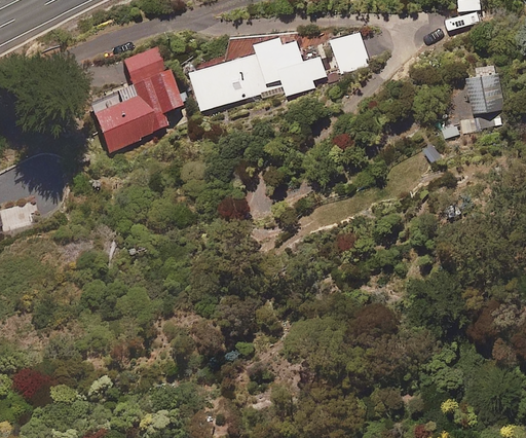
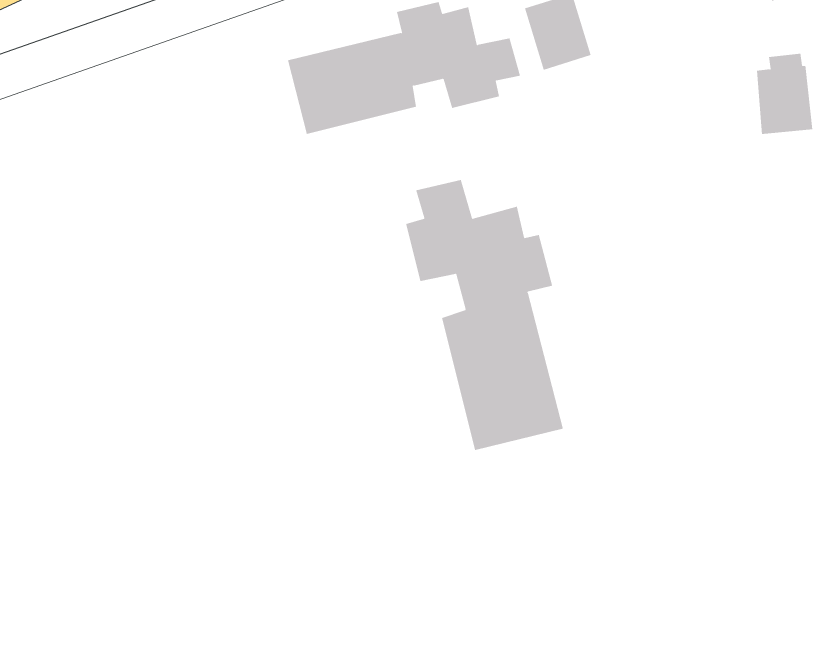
building: [92,46,182,153] -> none
building: none -> [406,179,563,451]

